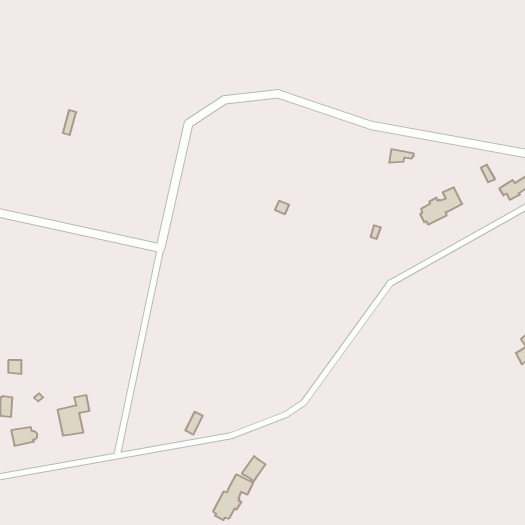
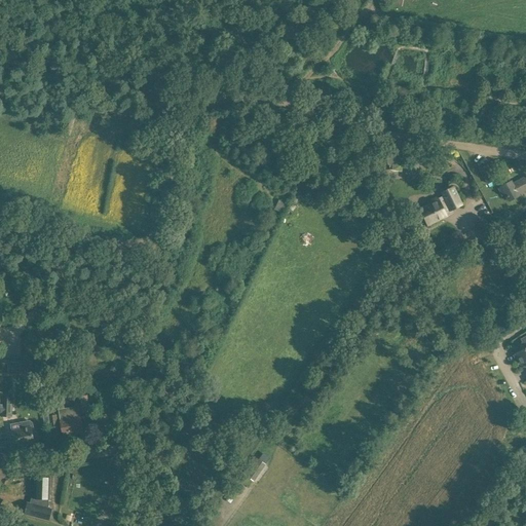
building: [213,474,253,520] -> none
building: none -> [26,476,52,519]

